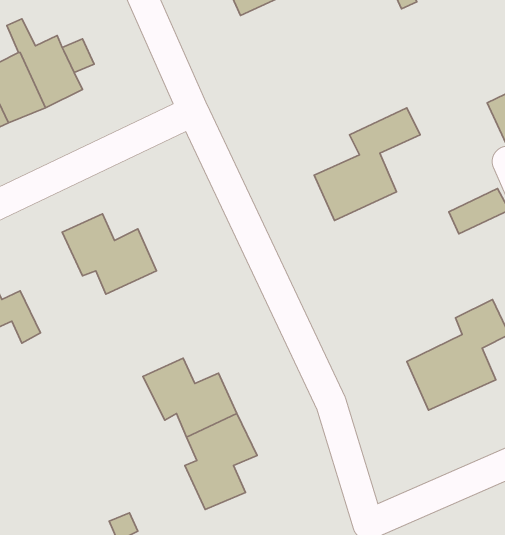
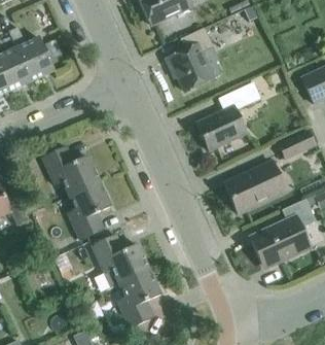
building: none -> [166,27,221,91]
building: none -> [223,161,286,213]
building: none -> [67,180,110,239]

